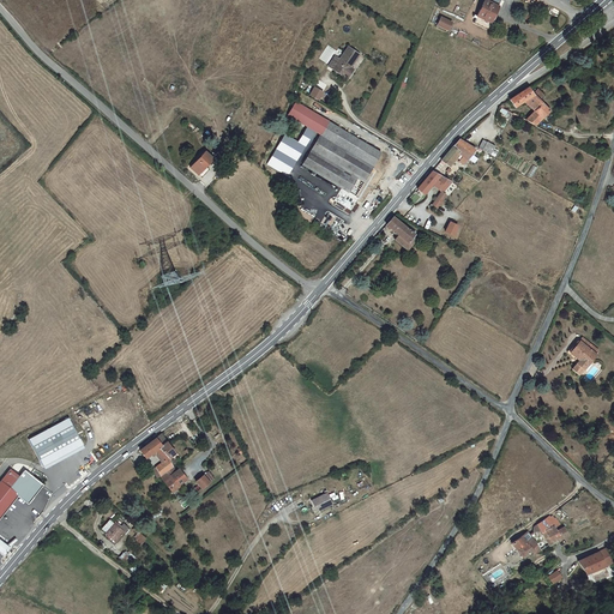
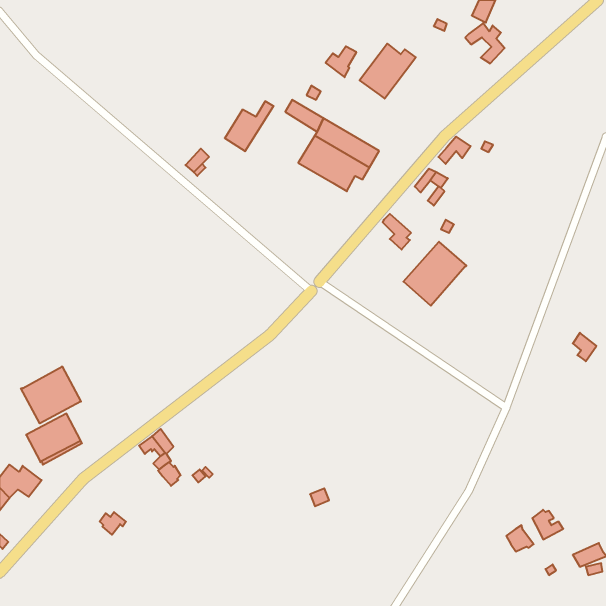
building: none -> [360,44,416,99]
building: [510,85,549,126] -> [465,23,505,63]
building: [266,127,315,177] -> [225,101,274,151]
building: none -> [403,242,466,306]
building: none -> [21,366,81,423]

